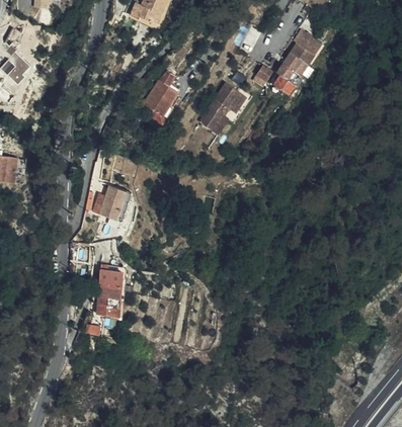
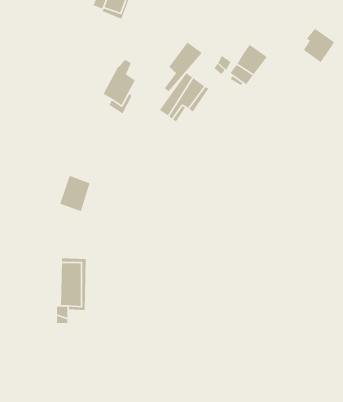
building: [288,31,320,67] -> [303,28,335,63]
building: none -> [164,41,203,92]

